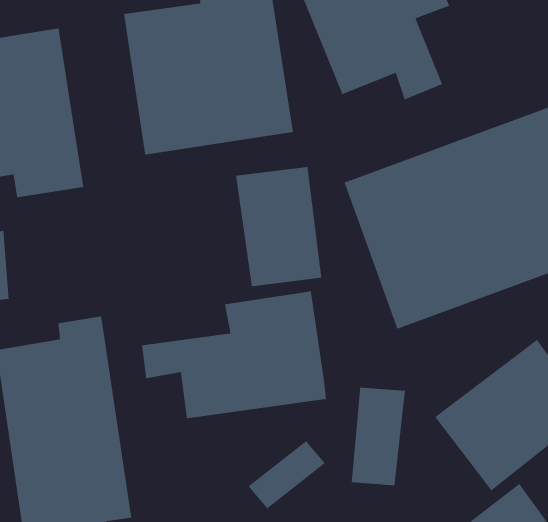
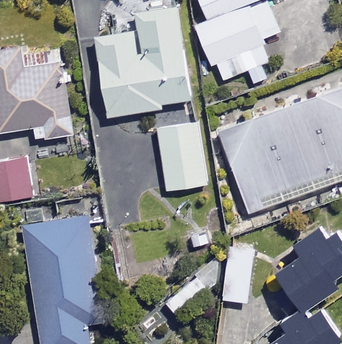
building: [141,290,327,419] -> none

